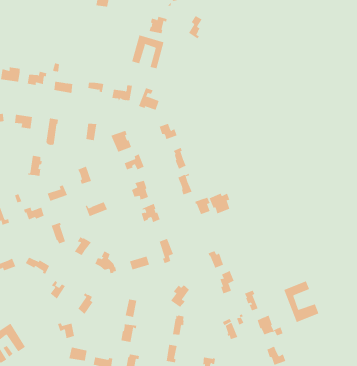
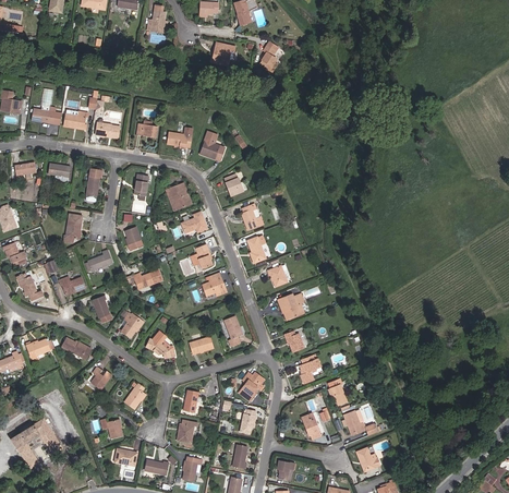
building: [132,35,164,69] -> none
building: [209,193,230,214] -> [278,293,304,320]
building: [284,281,319,323] -> none

